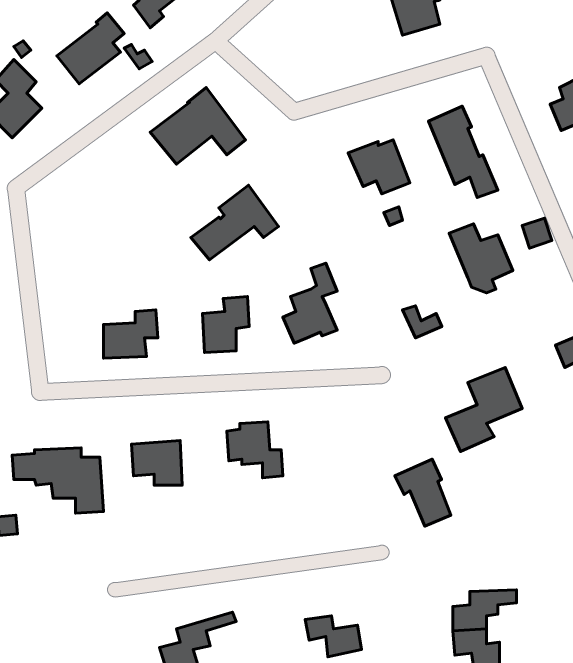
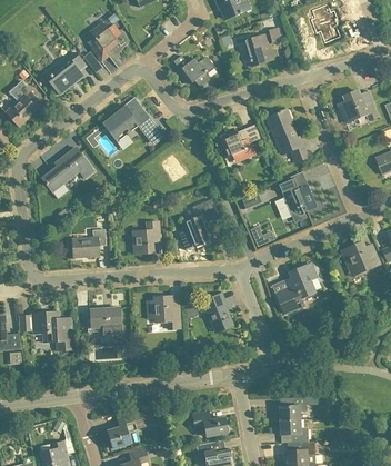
building: none -> [172,56,213,87]
building: [191,185,278,260] -> [40,147,92,191]
building: [395,459,451,526] -> [198,293,231,333]

